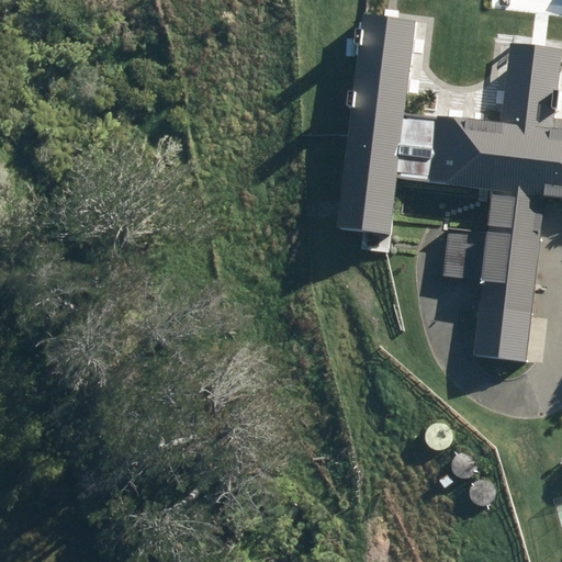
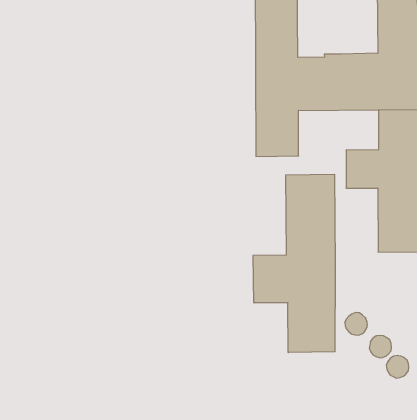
building: none -> [253,174,335,353]

